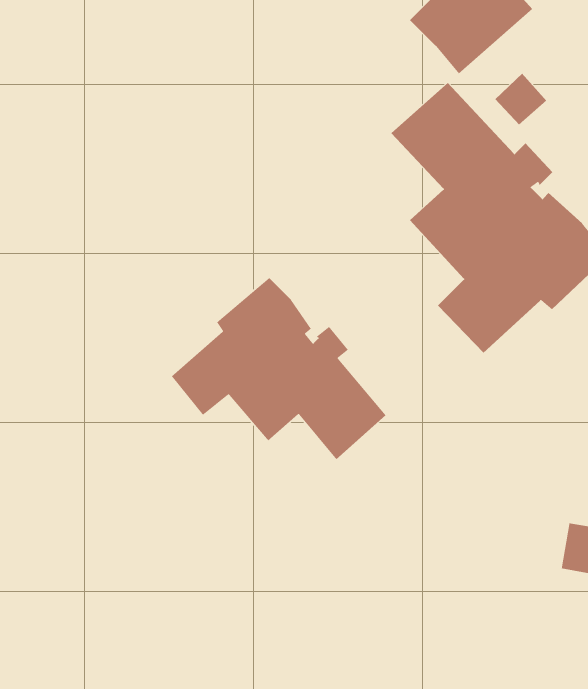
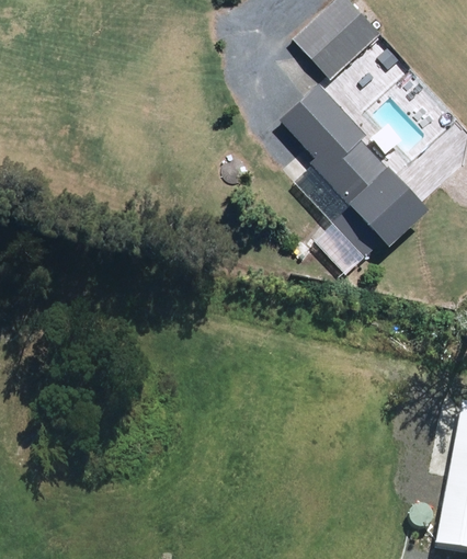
building: [171,277,387,460] -> none

